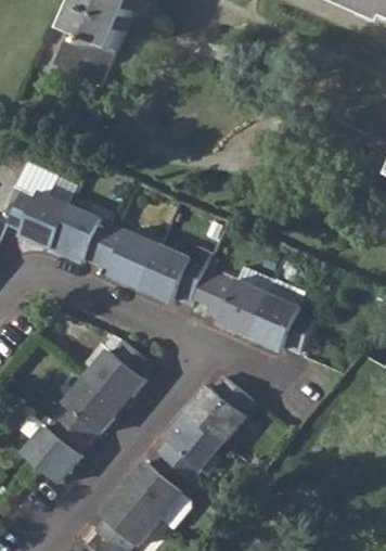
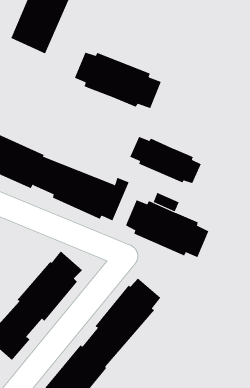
building: none -> [74,52,161,109]
building: none -> [130,136,202,184]

